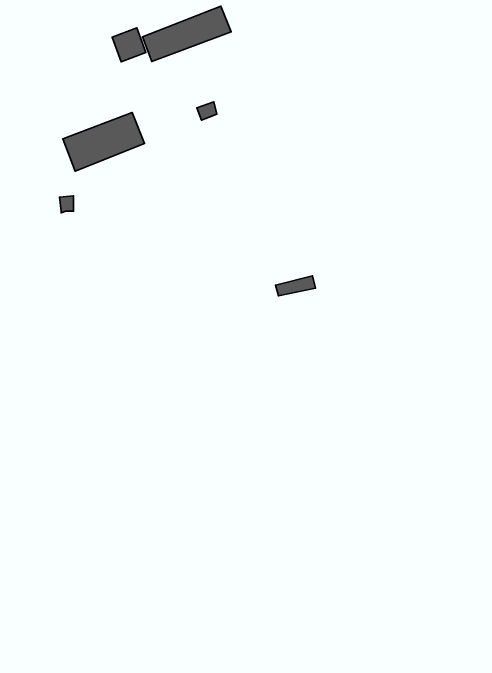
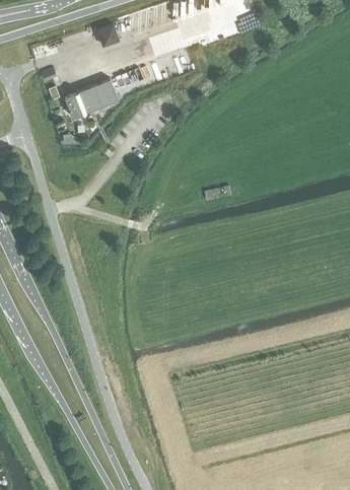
building: [142,6,231,62] -> none

